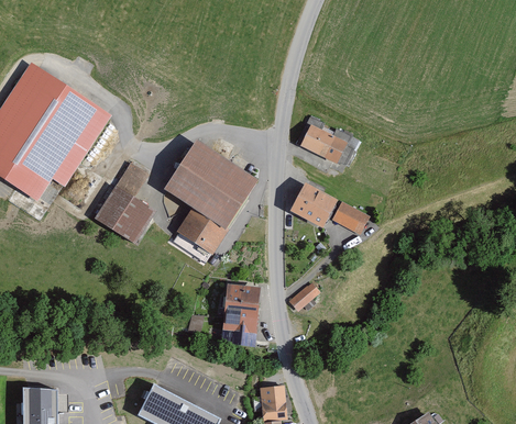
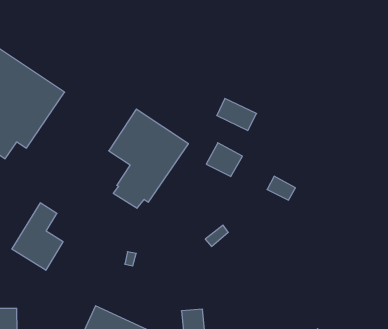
building: [96,163,160,246] -> [12,203,63,270]
building: [331,202,366,232] -> [267,176,295,200]
building: [221,283,257,344] -> none

